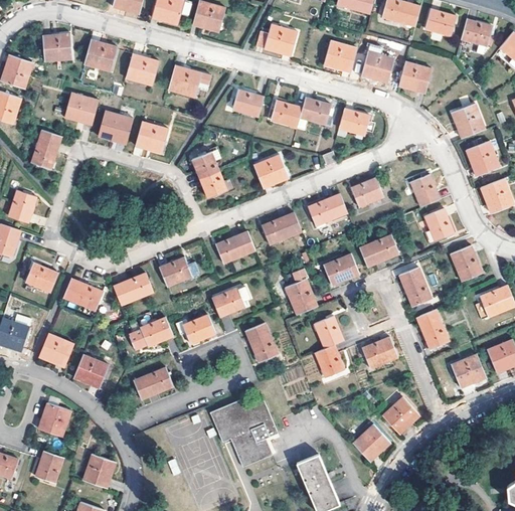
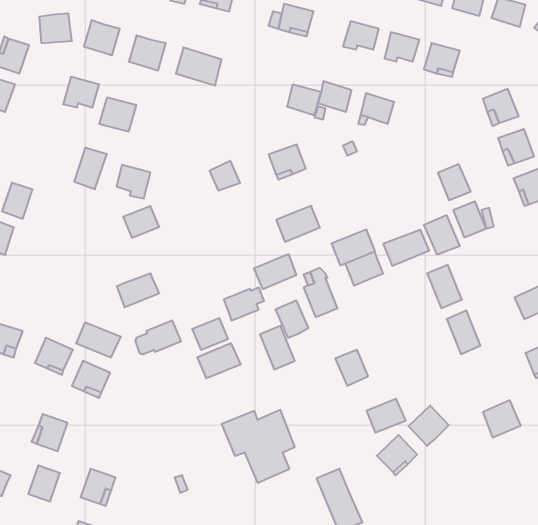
building: [232,90,265,117] -> none
building: [137,122,168,153] -> [117,165,150,199]
building: [32,131,62,169] -> [74,148,107,189]
building: [192,151,219,179] -> none
building: [351,177,383,205] -> none
building: [307,192,347,225] -> [331,229,375,265]
building: [216,230,255,263] -> [254,254,296,289]
building: [451,243,484,280] -> [424,215,460,255]
building: [160,257,193,286] -> [123,206,159,238]
building: [24,264,57,293] -> none
building: [63,279,105,311] -> [76,323,121,357]
building: [315,314,345,348] -> [276,301,308,338]
building: [363,336,399,367] -> [367,399,406,433]
building: [453,352,488,386] -> [483,400,521,437]
building: [135,367,175,399] -> [197,343,241,378]

